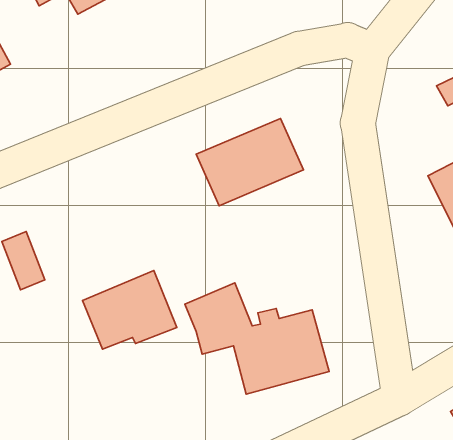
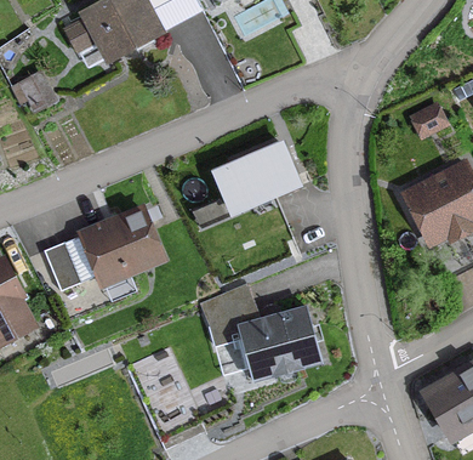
building: [83,271,177,349] -> [81,209,161,276]

